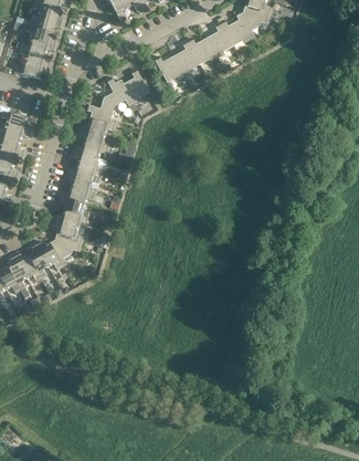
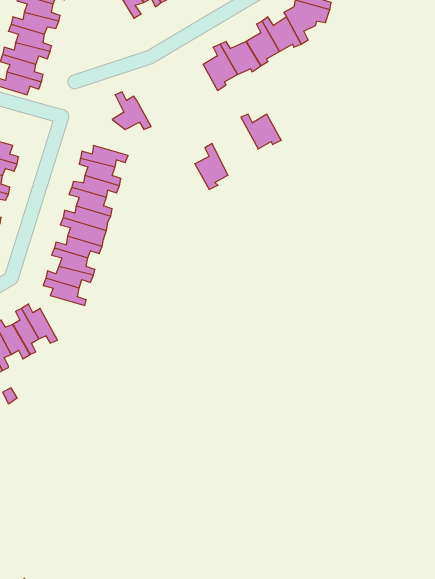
building: [154,56,184,83] -> [241,114,281,149]
building: [123,69,148,104] -> [195,143,228,190]
building: [84,98,117,126] -> none
building: [49,233,83,268] -> none

